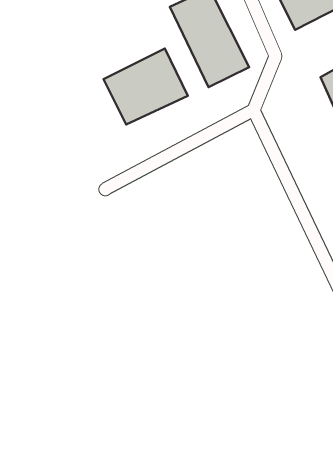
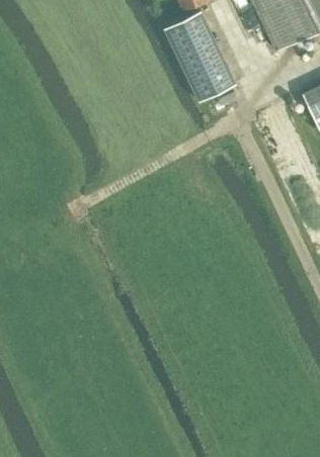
building: [103,49,188,125] -> none

